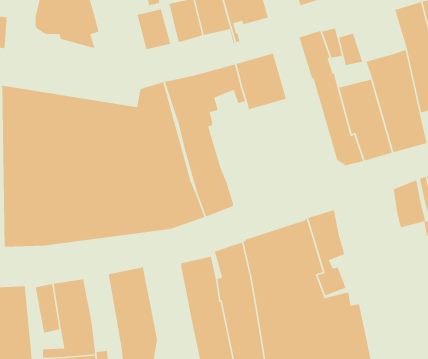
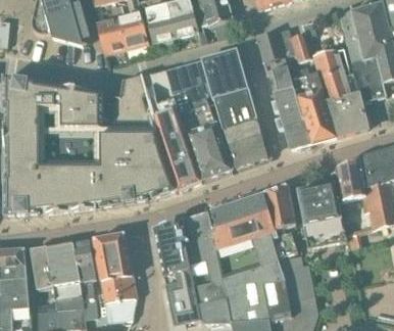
building: none -> [97,16,127,53]
building: none -> [181,82,232,179]
building: none -> [214,89,267,168]
building: none -> [297,181,345,245]
building: none -> [73,239,96,296]

